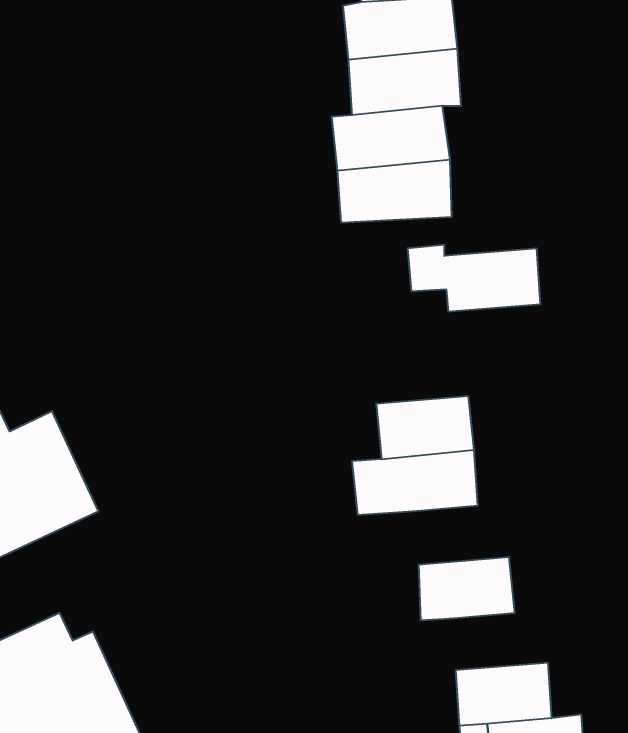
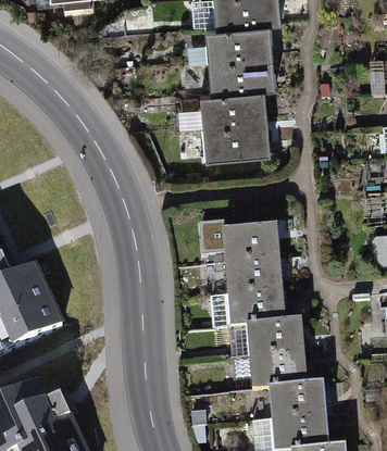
building: [407,245,541,311] -> [201,218,279,258]
building: none -> [247,316,303,352]
building: none -> [269,379,326,414]

